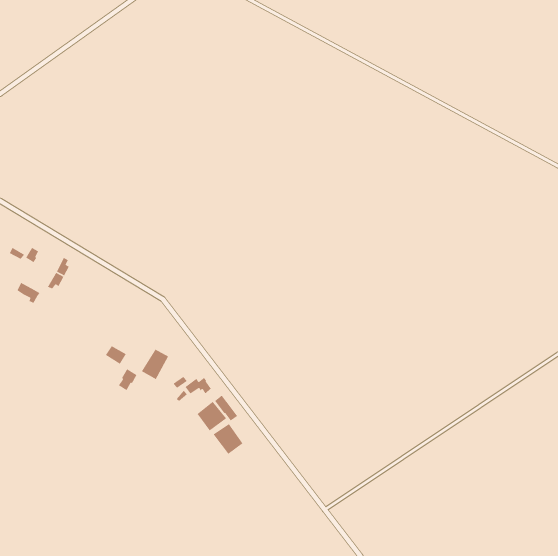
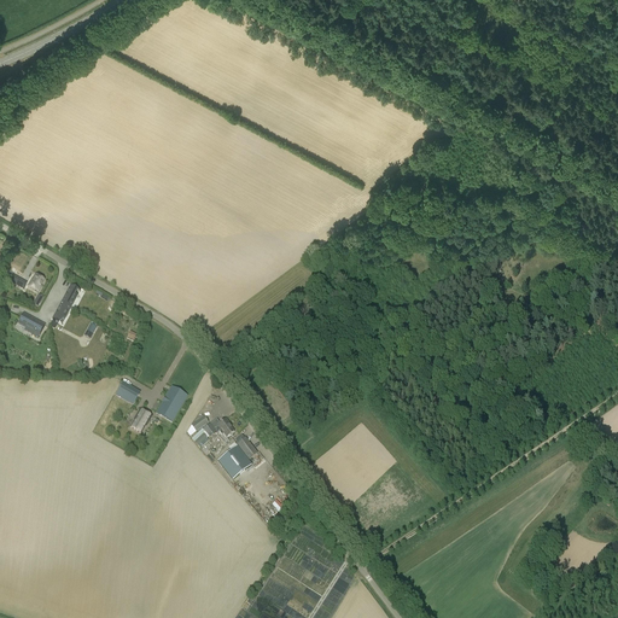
building: [213,423,244,455] -> none

